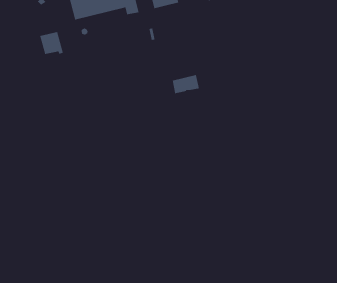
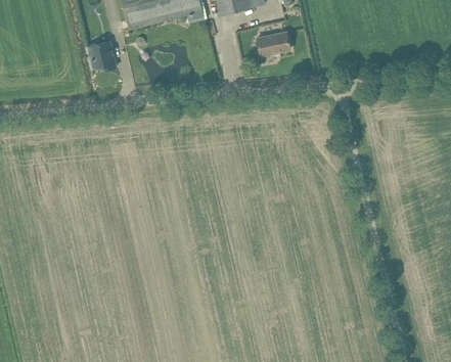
building: [172,74,200,94] -> [258,32,290,55]

